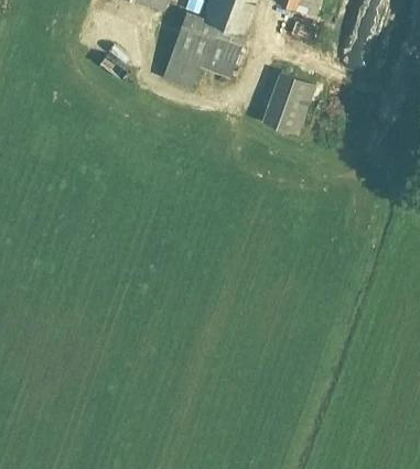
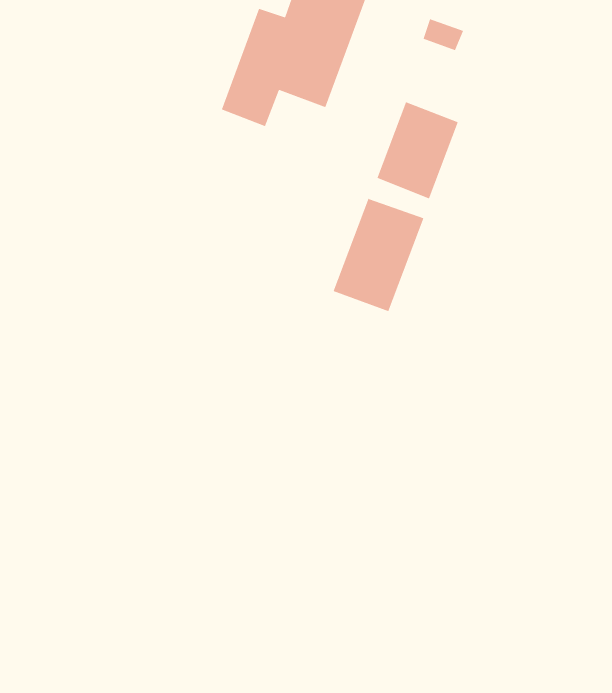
building: none -> [332,197,425,312]

